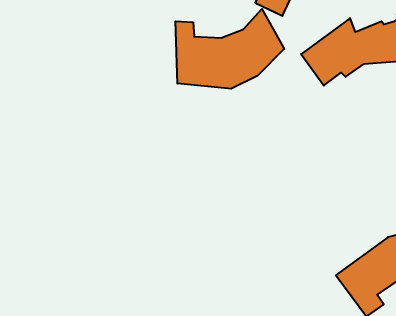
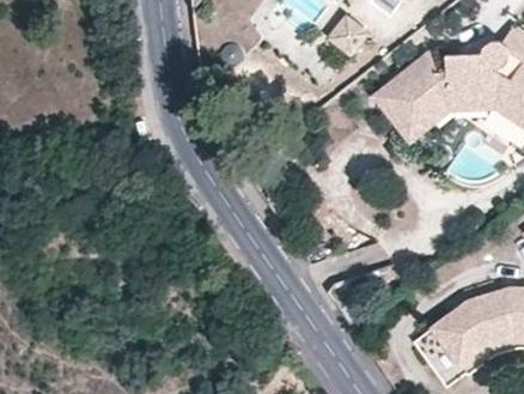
building: [176,9,284,89] -> none

